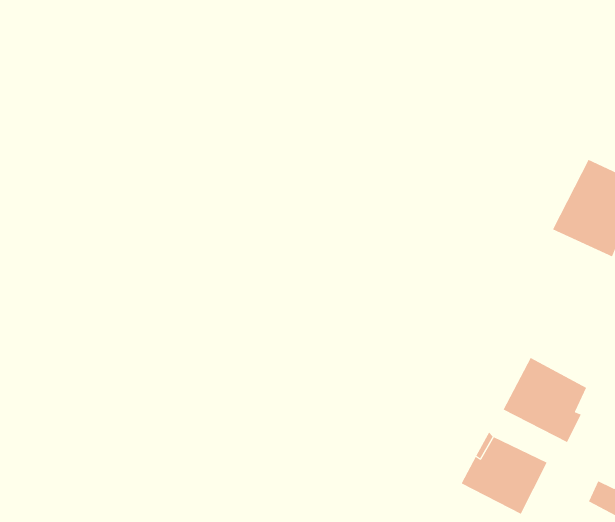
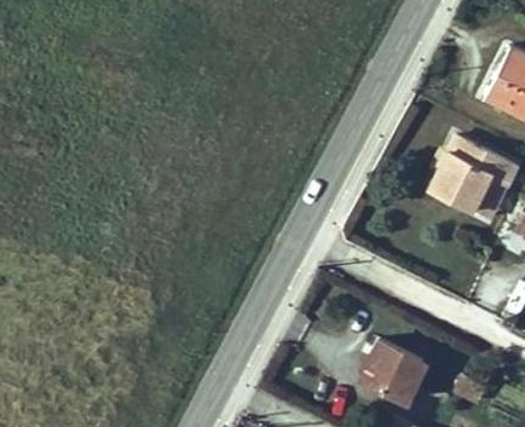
building: [503,357,587,443] -> none

